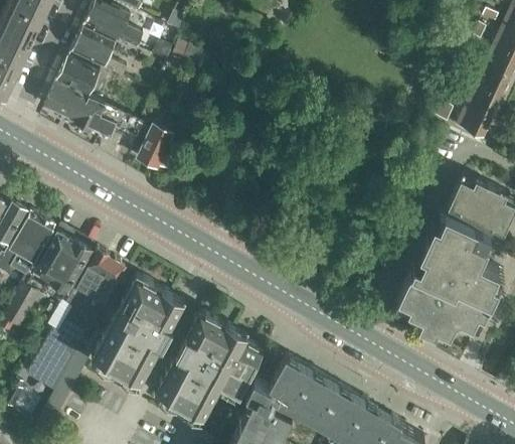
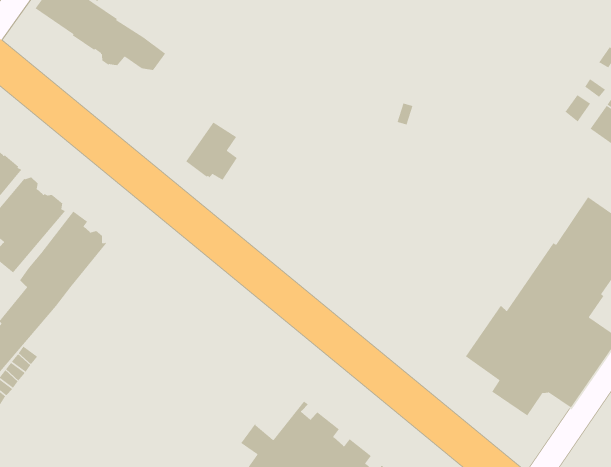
building: [137,127,174,168] -> [185,121,238,181]
building: [94,276,184,381] -> none
building: [157,310,262,415] -> none

